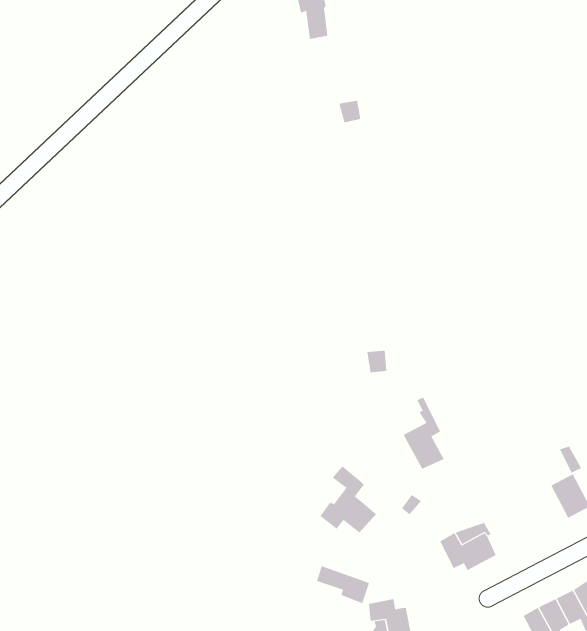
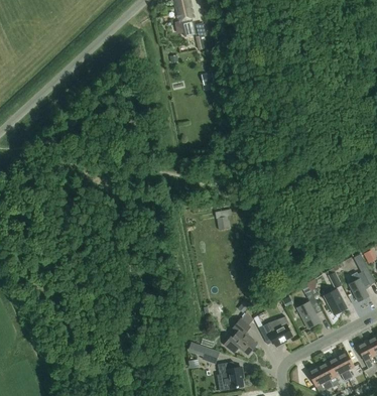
building: [403,397,444,470] -> [296,285,321,327]
building: [320,465,377,533] -> [224,315,257,355]

